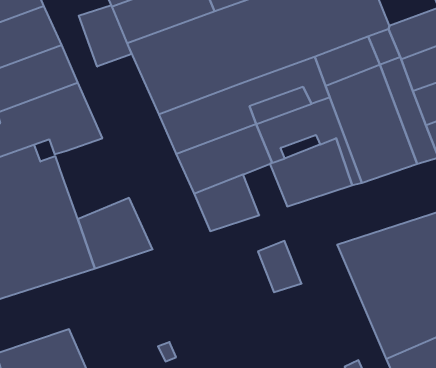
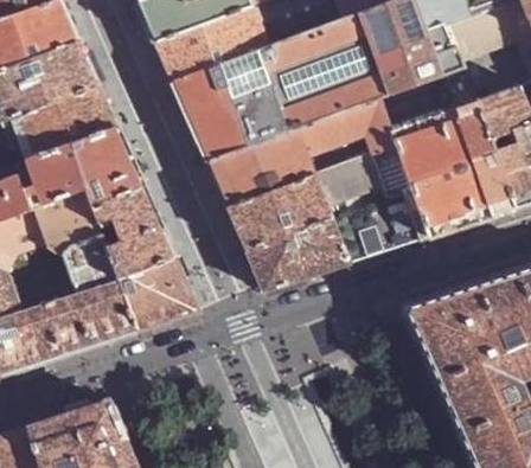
building: [79,5,132,67] -> none
building: none -> [100,188,173,278]
building: [258,241,302,292] -> [300,217,348,274]

